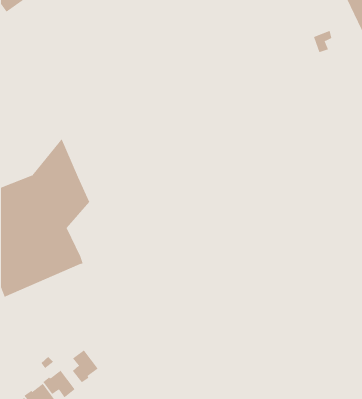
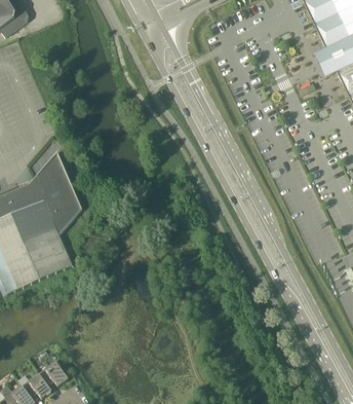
building: [72,349,99,383] -> none

